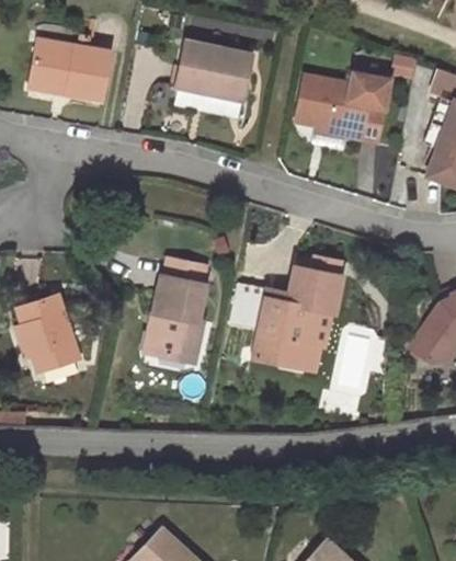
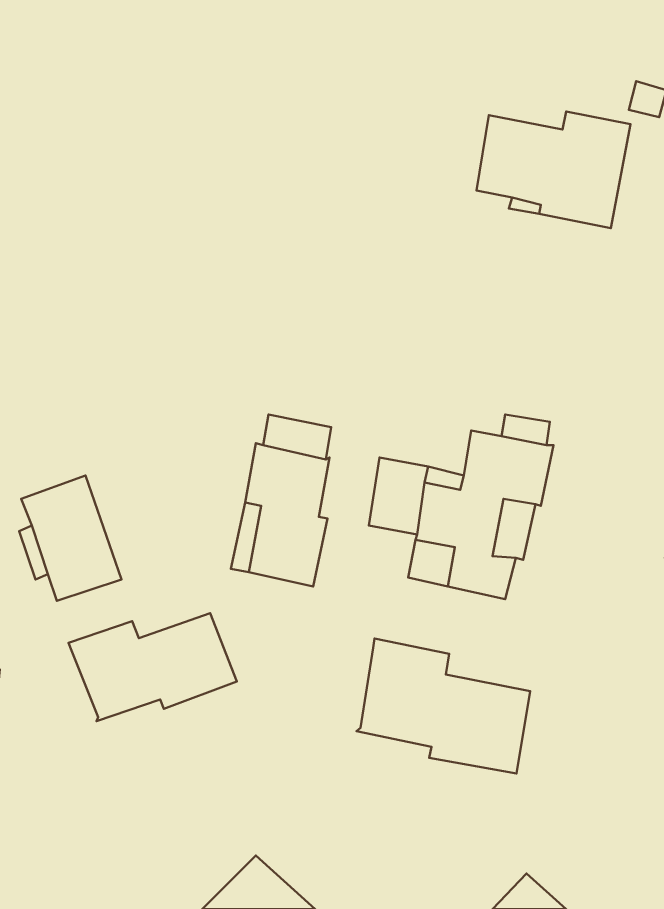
building: [32,41,111,100] -> none
building: [179,42,251,100] -> none
building: none -> [68,613,237,721]
building: none -> [357,639,530,773]

